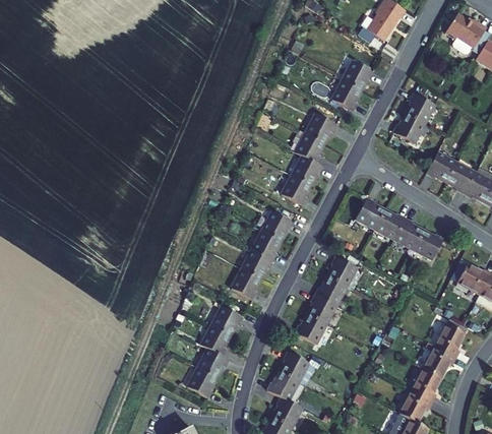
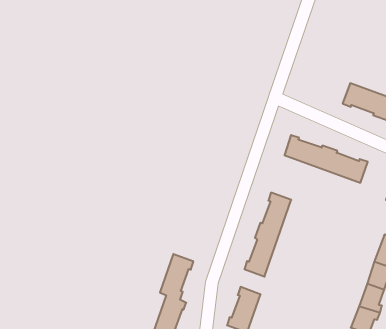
building: [331,60,372,110] -> none
building: [393,92,434,142] -> none
building: [281,113,335,204] -> none
building: [231,211,293,299] -> none

